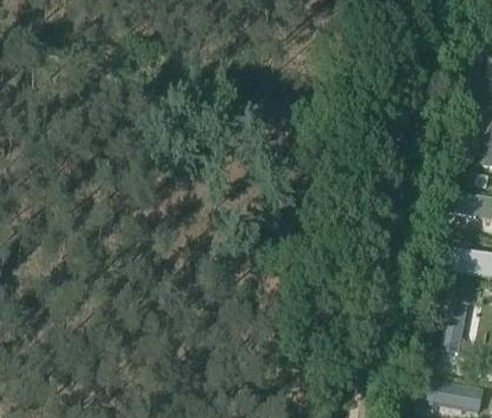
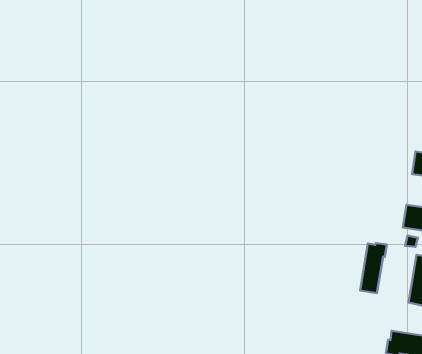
building: none -> [360,243,387,293]

